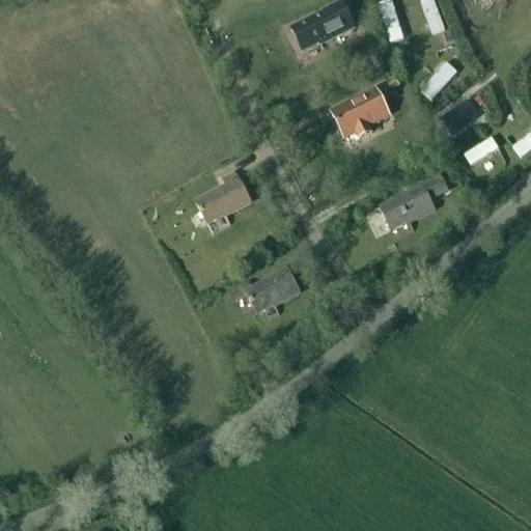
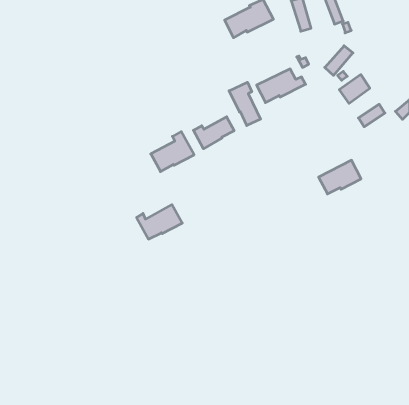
building: none -> [229,82,261,126]
building: none -> [193,117,234,149]
building: [381,184,436,227] -> [319,160,361,194]
building: [242,267,301,311] -> [137,205,182,239]

